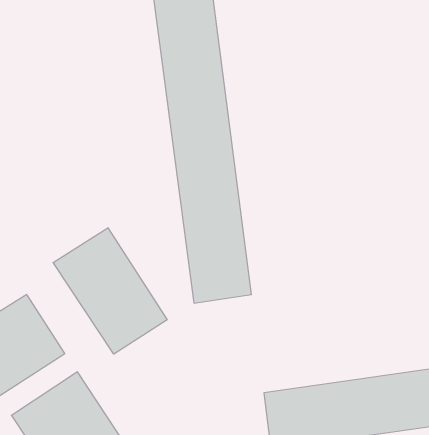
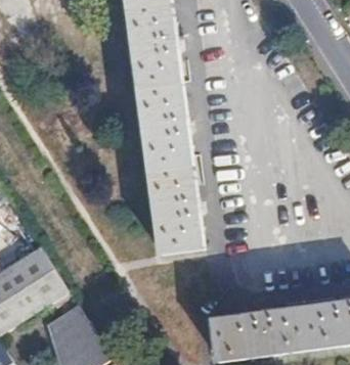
building: [53,228,167,354] -> none

